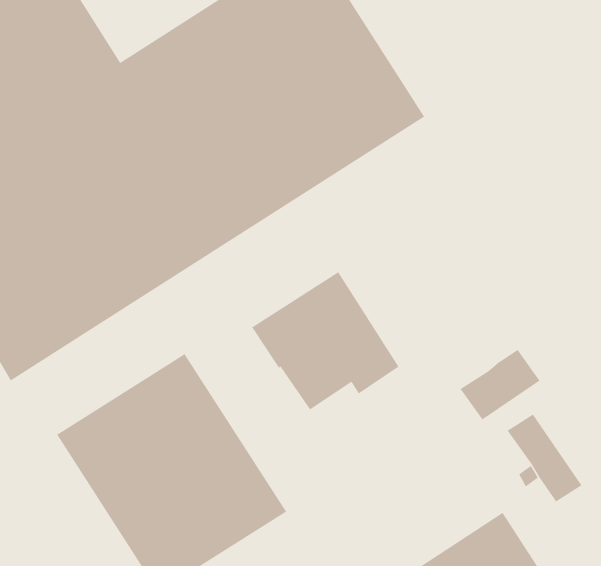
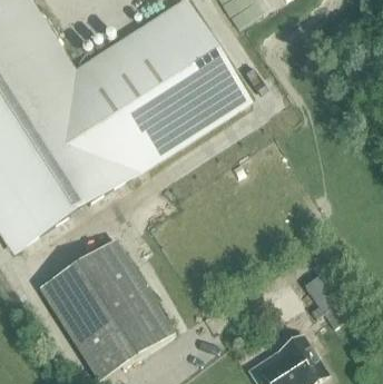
building: [251,271,399,410] -> none
building: [459,349,540,421] -> none

